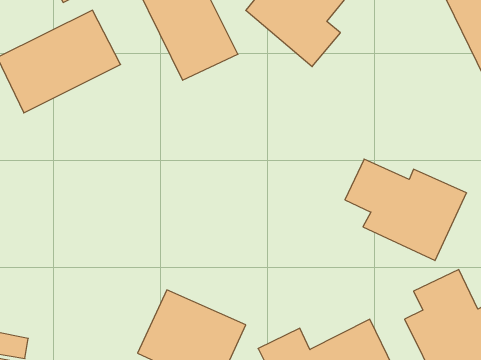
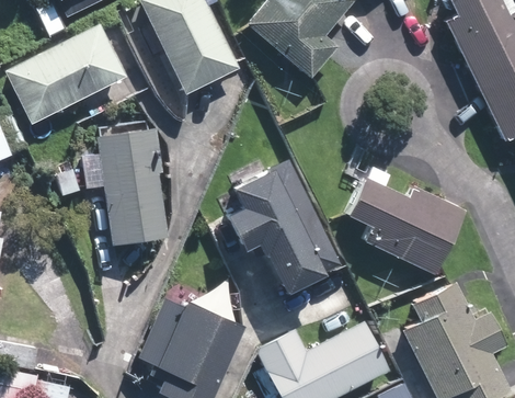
building: none -> [98,127,169,246]
building: none -> [231,163,343,296]

